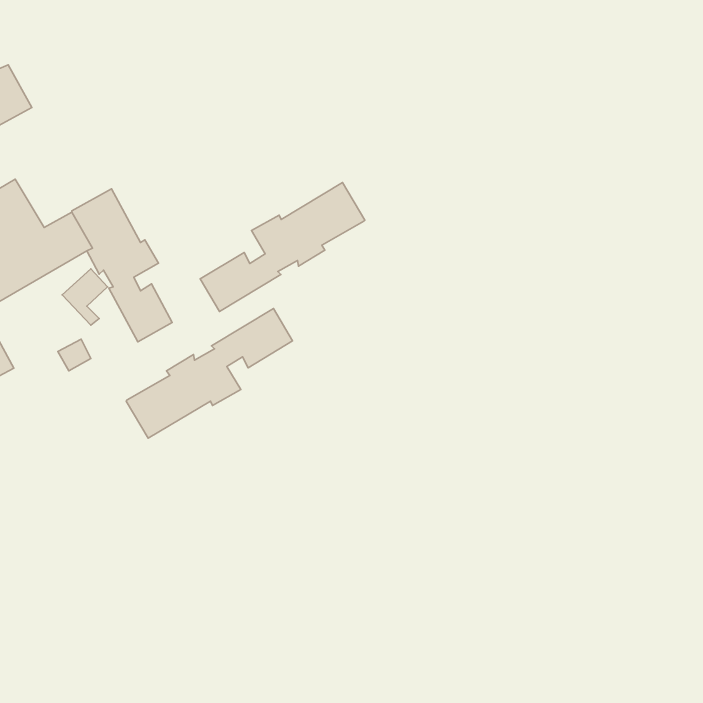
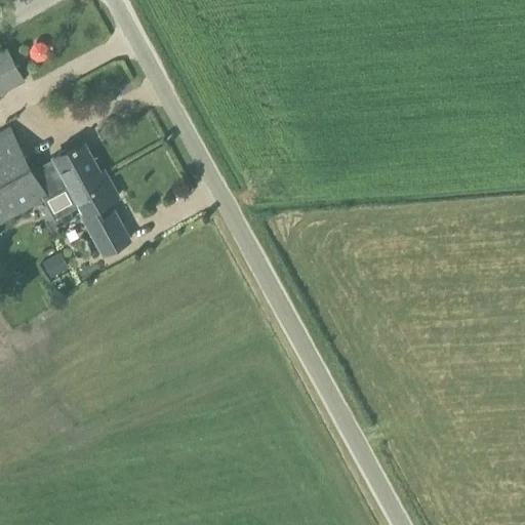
building: [200,183,365,311] -> none
building: [126,309,293,438] -> none

